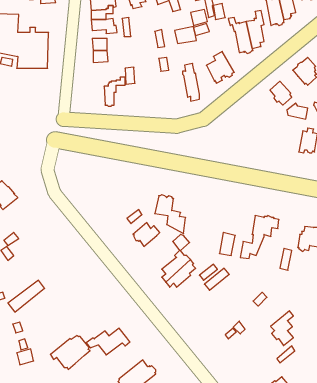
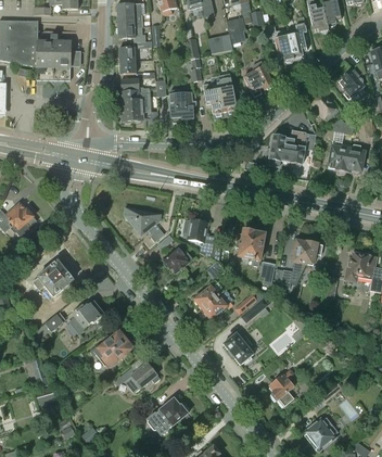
building: none -> [120,77,140,122]
building: none -> [202,82,224,117]
building: none -> [169,86,196,122]
building: none -> [265,130,305,166]
building: none -> [328,141,348,172]
building: none -> [123,206,164,241]
building: none -> [234,228,265,265]
building: none -> [33,258,73,295]
building: none -> [68,300,104,333]
building: none -> [222,331,254,364]
building: [271,311,293,346] -> [269,368,294,406]
building: [50,336,90,369] -> [90,330,133,367]

